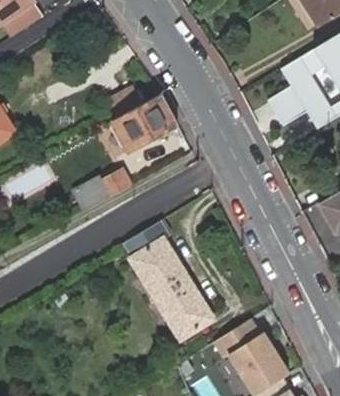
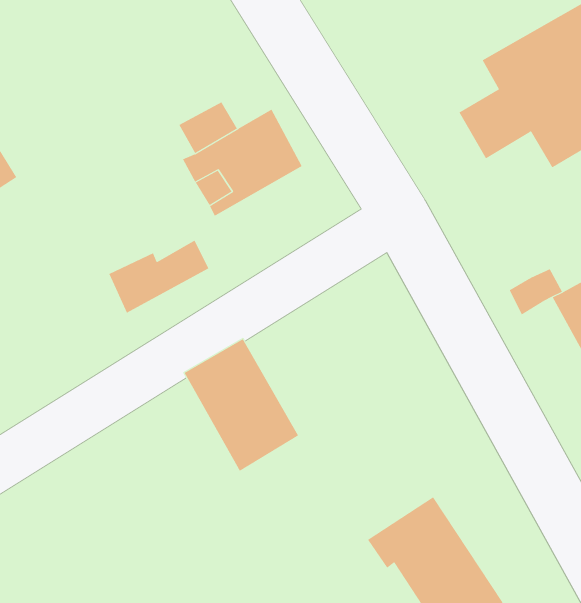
building: [144,279,202,341] -> none

